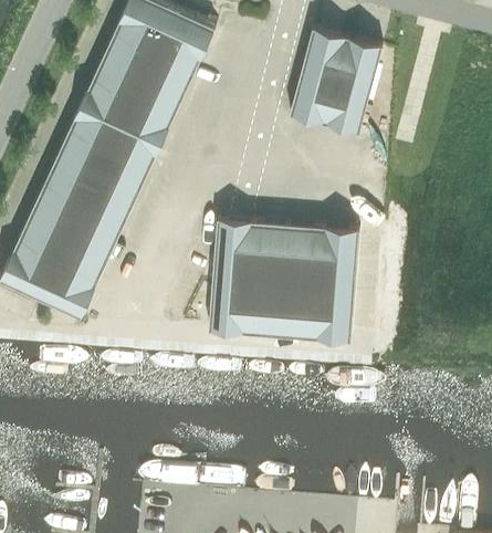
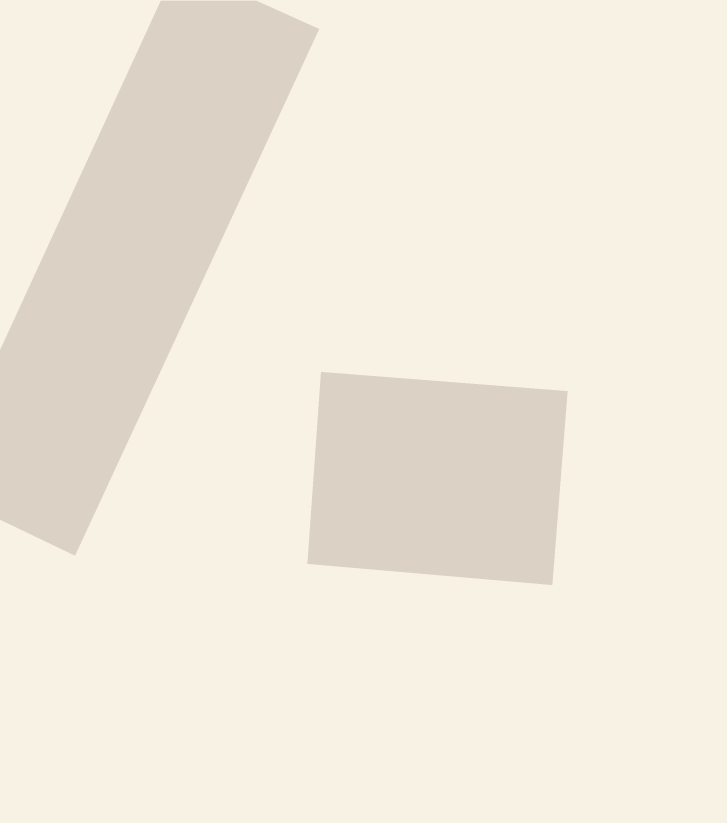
building: [291,28,384,133] -> none

